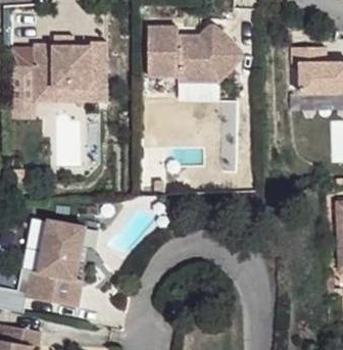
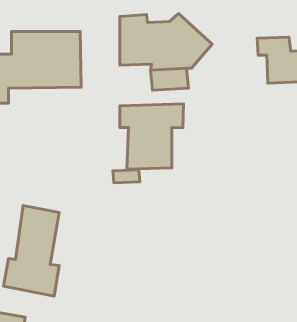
building: none -> [120,104,183,169]

